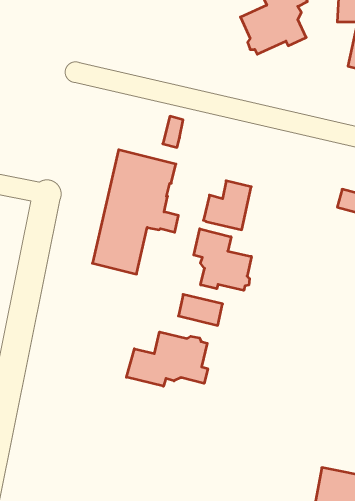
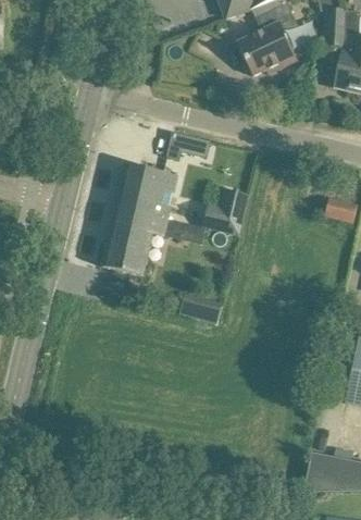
building: [194,229,251,290] -> none
building: [126,332,208,386] -> none

